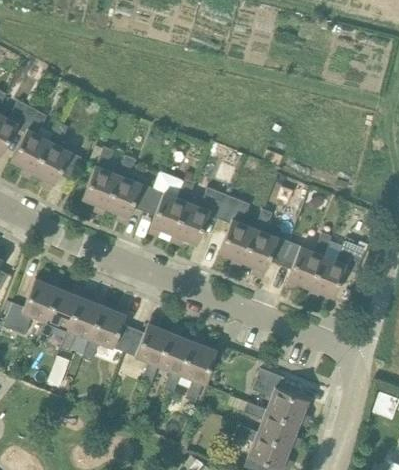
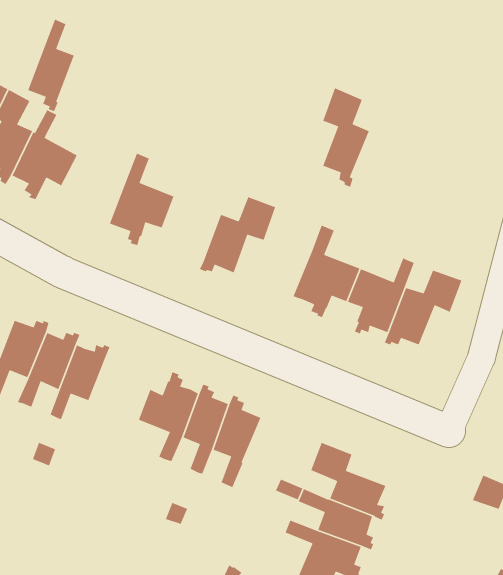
building: [83,147,118,216] -> [27,19,75,112]
building: [144,179,194,236] -> none
building: [219,196,254,270] -> [322,87,370,188]
building: [83,306,135,361] -> none

